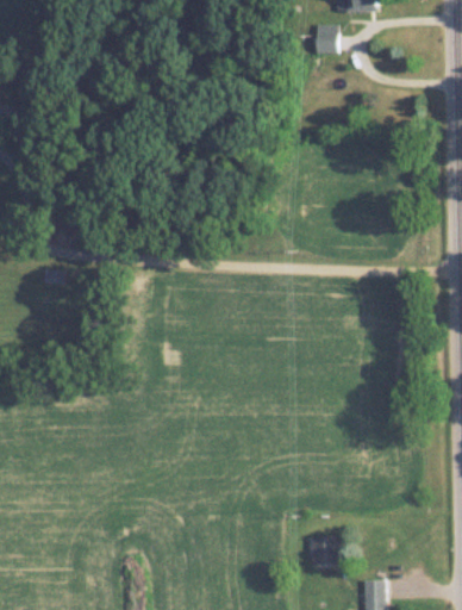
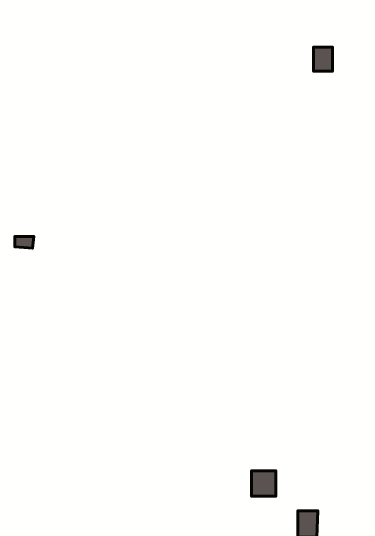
building: [318,24,339,51] -> [314,47,333,71]

